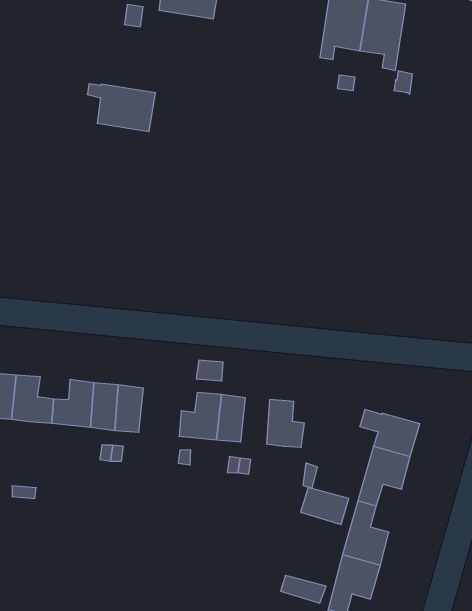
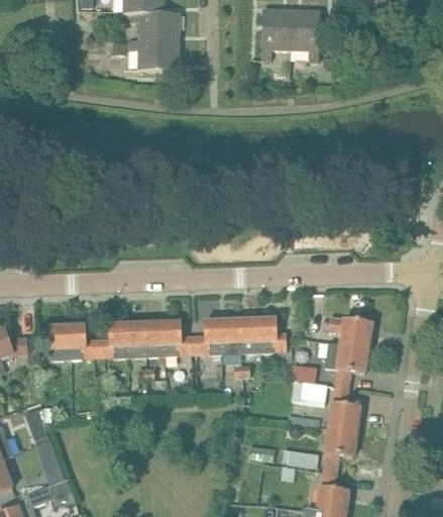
building: [87,84,156,131] -> [128,39,179,70]
building: none -> [163,321,195,355]
building: none -> [240,318,260,352]

